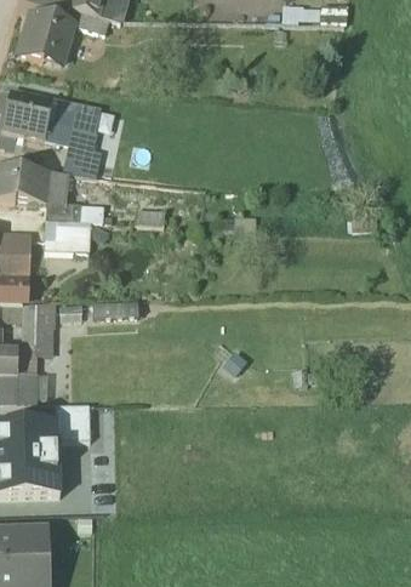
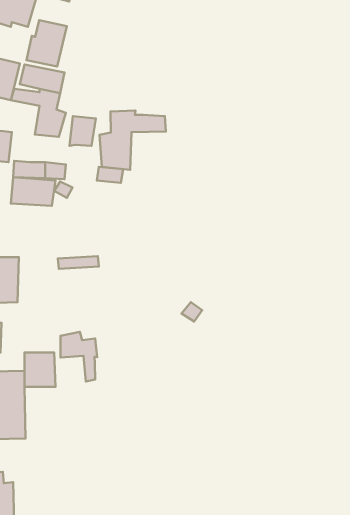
building: none -> [27,20,67,67]
building: none -> [99,110,166,170]
building: [41,171,69,203] -> [70,116,96,146]
building: none -> [60,332,97,382]

